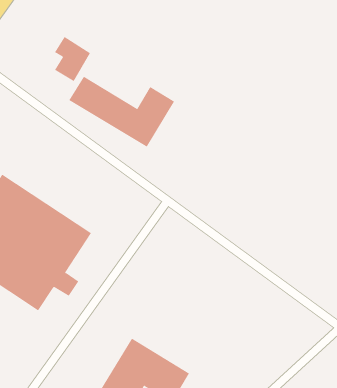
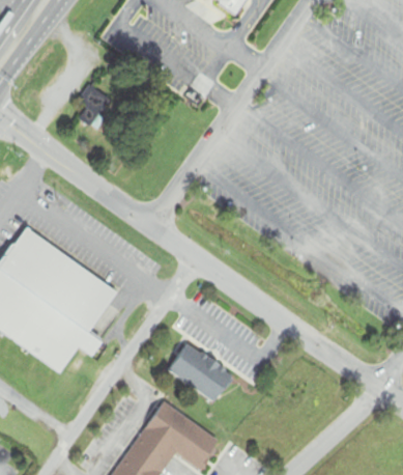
building: [69,76,175,148] -> none
building: none -> [167,341,235,404]

